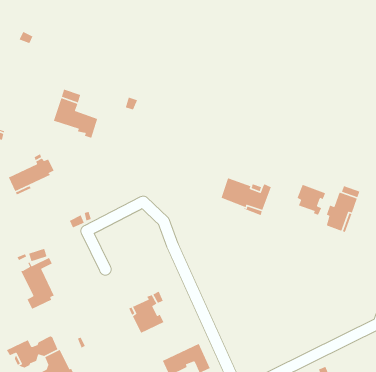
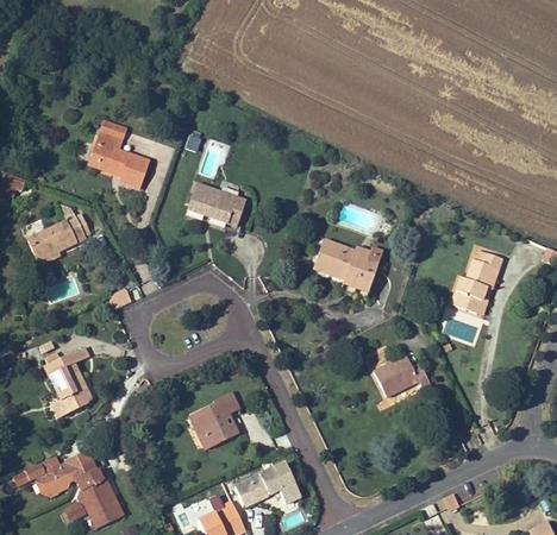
building: none -> [187,183,245,226]
building: [296,184,326,216] -> none
building: none -> [373,353,431,396]

